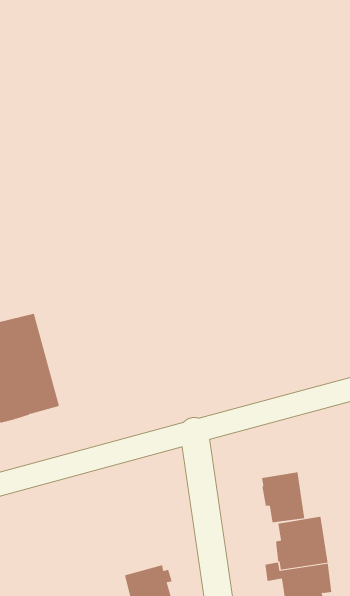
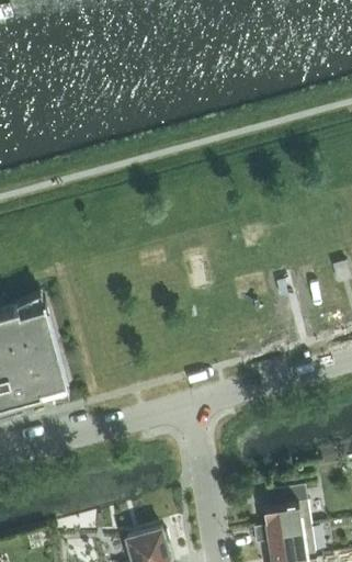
building: [261,472,305,523] -> none

